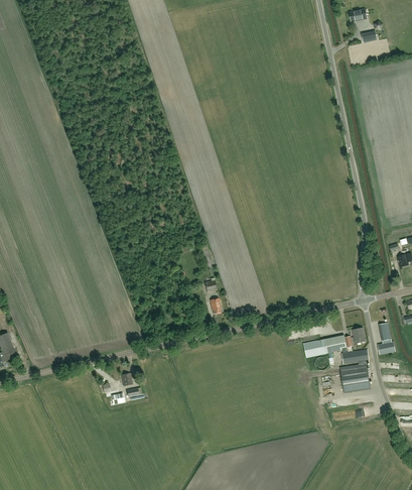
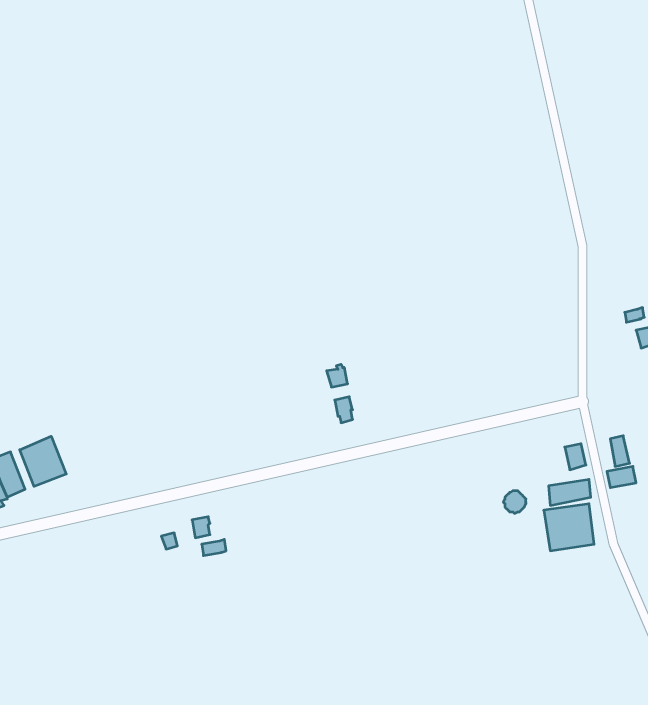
building: none -> [20,436,66,486]
building: [304,335,353,357] -> none

